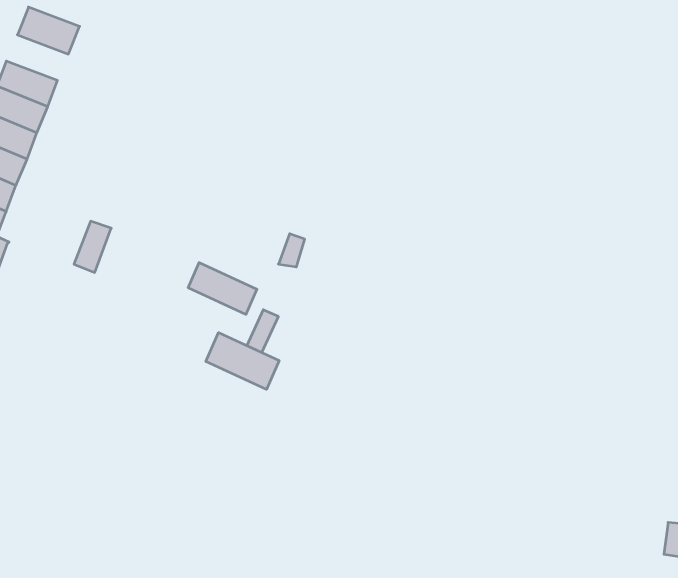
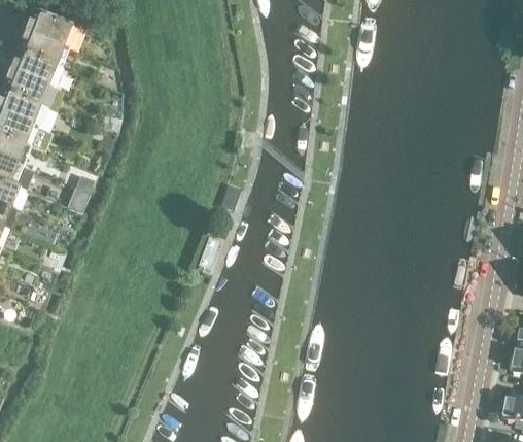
building: none -> [19,33,65,67]
building: [188,263,257,314] -> none
building: [206,333,279,389] -> none

